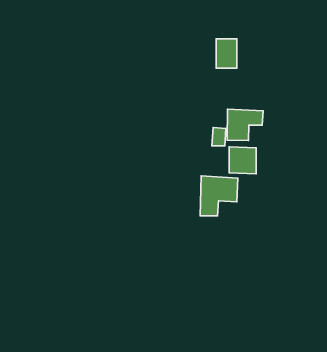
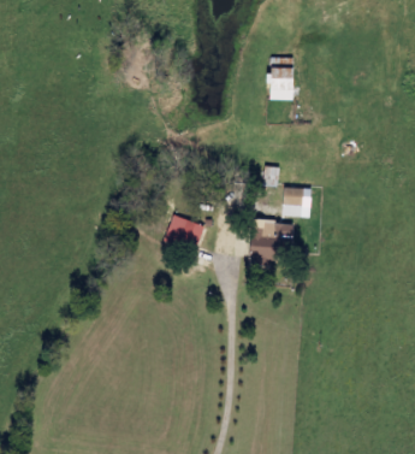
building: [227,109,263,141] -> none
building: none -> [167,216,203,249]

